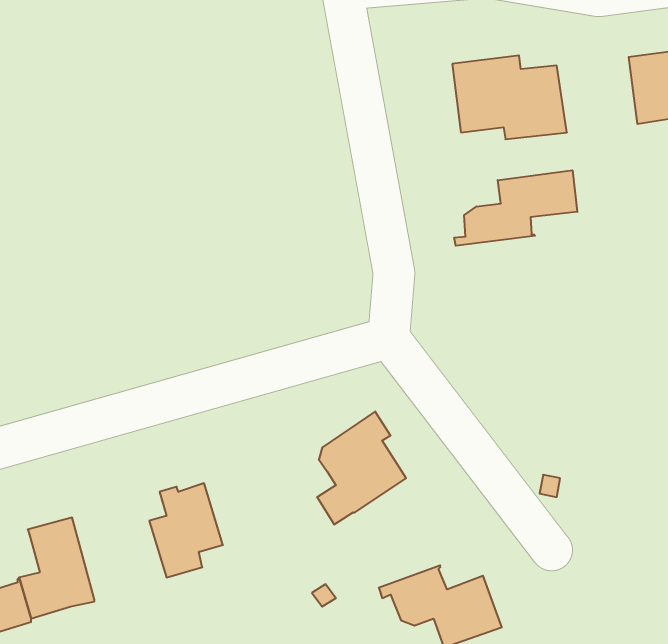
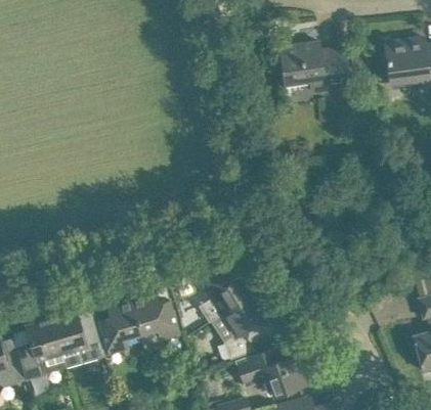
building: [454,170,577,246] -> none
building: none -> [131,289,179,353]
building: none -> [221,295,277,360]
building: none -> [52,312,105,369]

